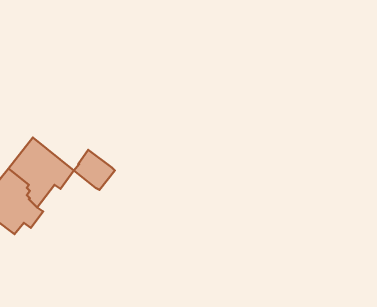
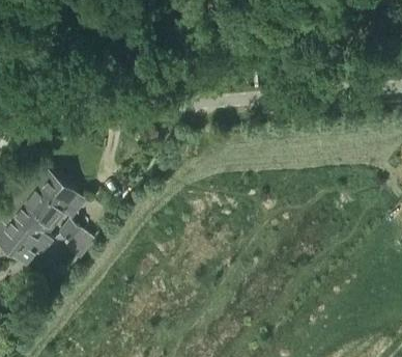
building: [74,150,115,190] -> [54,220,95,260]

